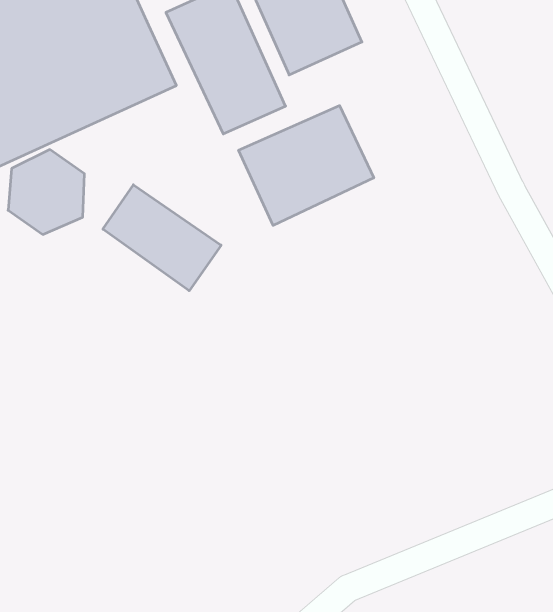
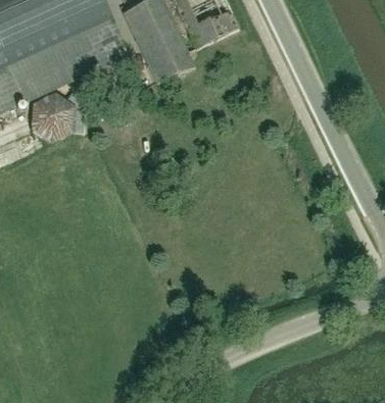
building: [239,106,374,225] -> none
building: [103,185,221,291] -> none

